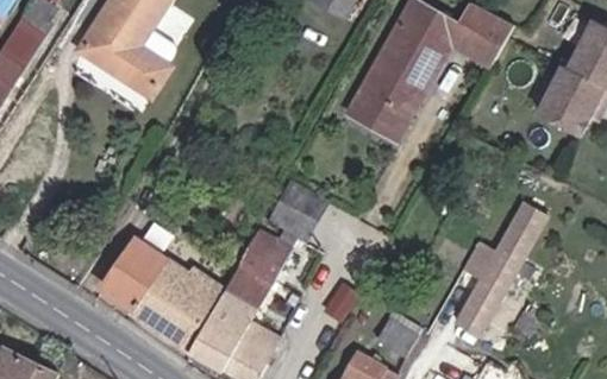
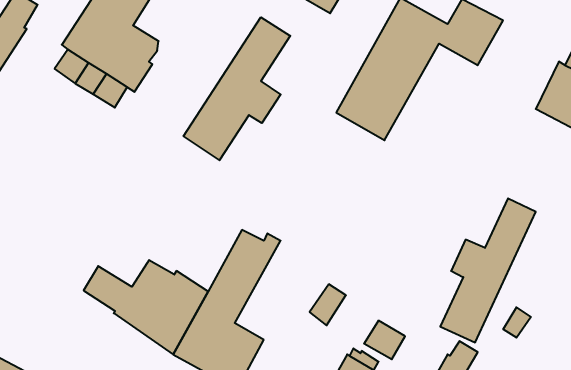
building: none -> [184,17,290,160]
building: [270,182,327,238] -> none
building: [115,240,164,284] -> none

